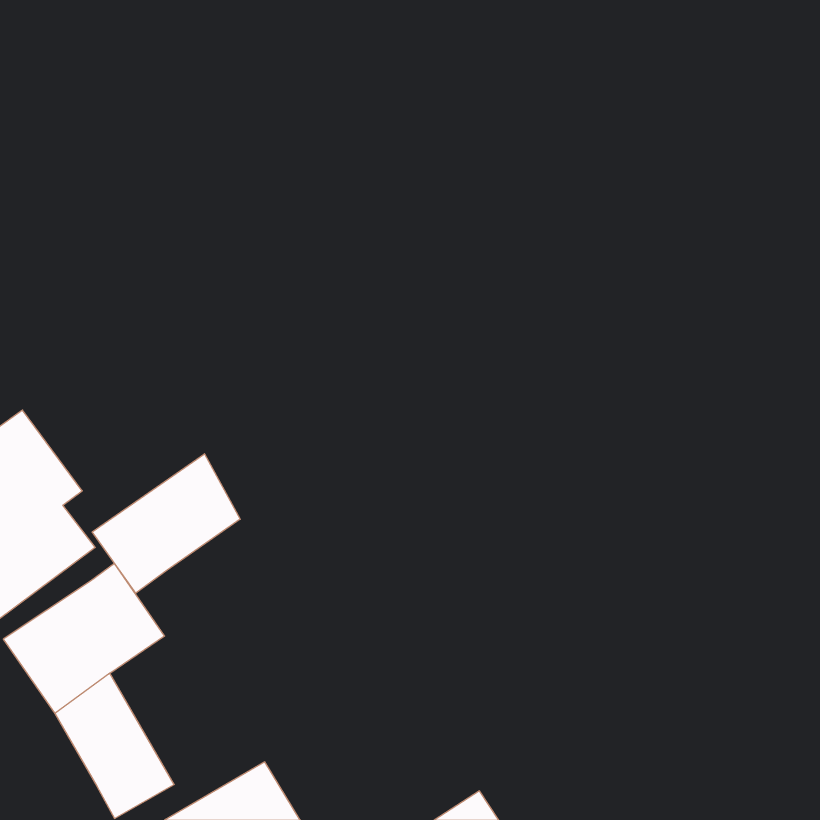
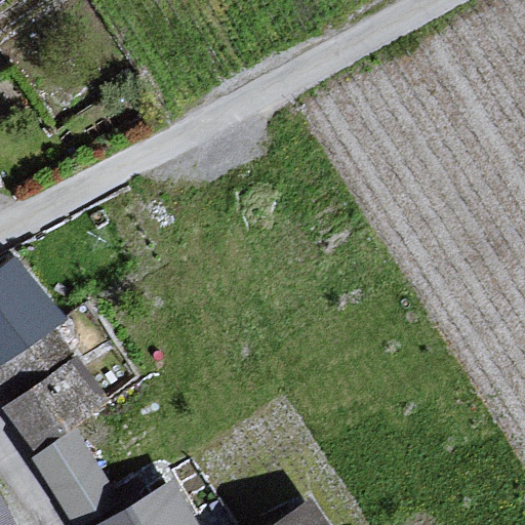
building: [92,454,240,593] -> none

